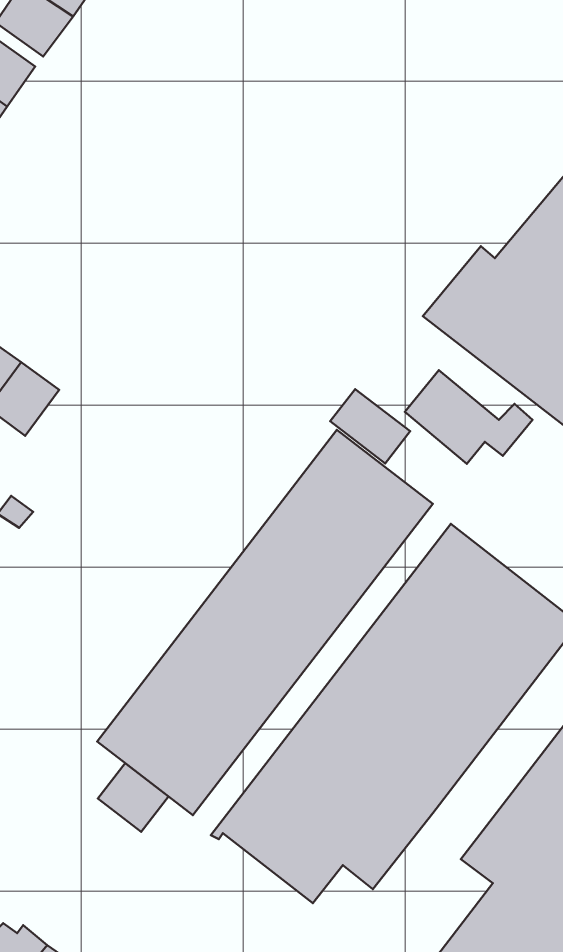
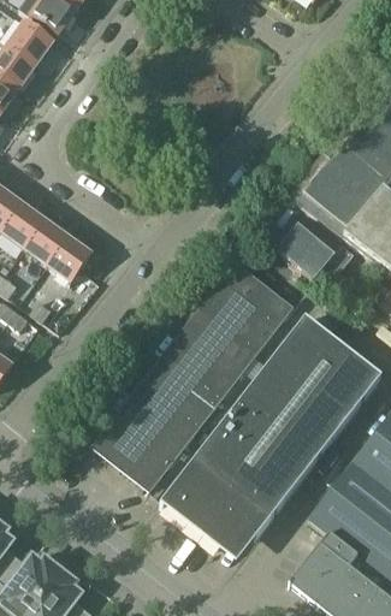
building: [330,389,410,463] -> none
building: none -> [48,236,93,282]
building: [98,763,168,832] -> none

